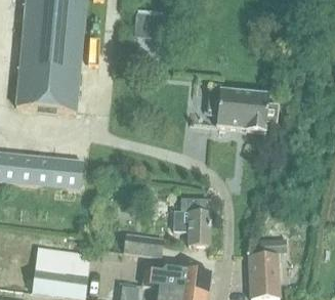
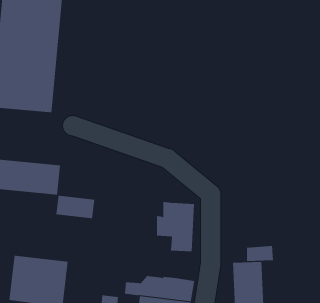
building: [135,10,166,36] -> none
building: [208,82,278,129] -> none
building: [126,232,164,255] -> [56,195,95,219]

